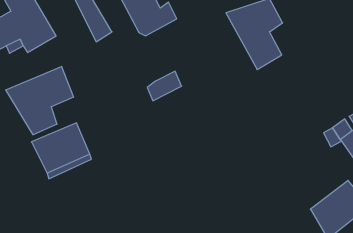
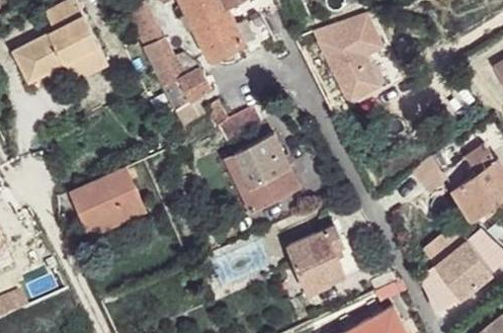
building: none -> [155,53,212,106]
building: [6,66,73,135] -> none
building: none -> [227,137,299,211]
building: none -> [291,225,345,290]

